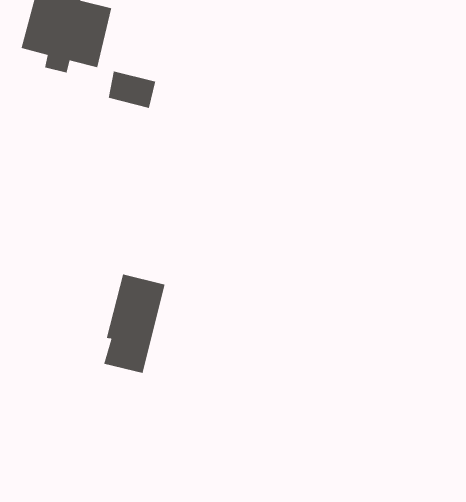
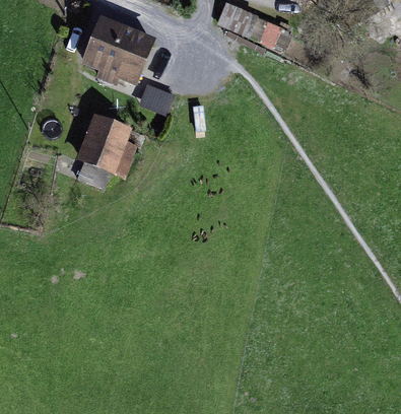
building: [103,274,166,374] -> [77,117,127,187]

